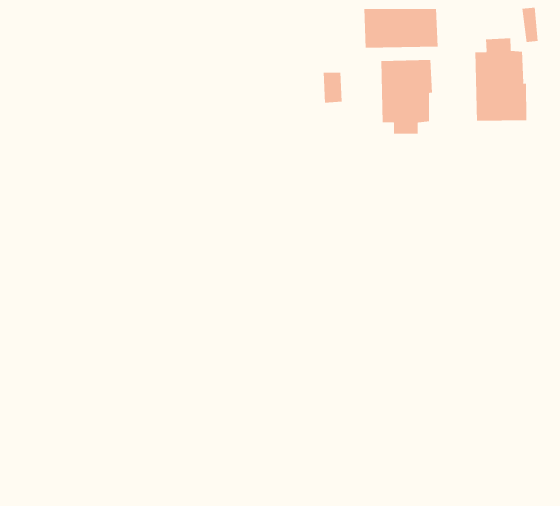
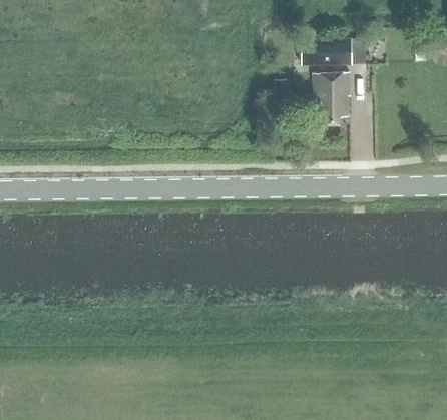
building: [475,38,527,122] -> none

